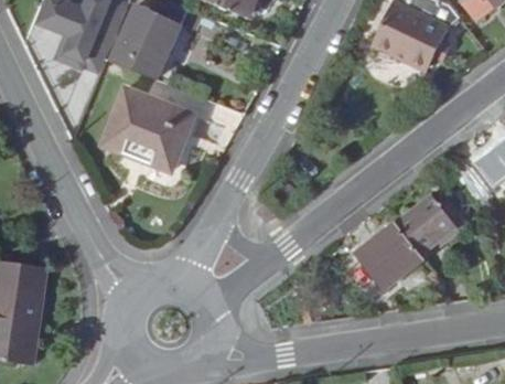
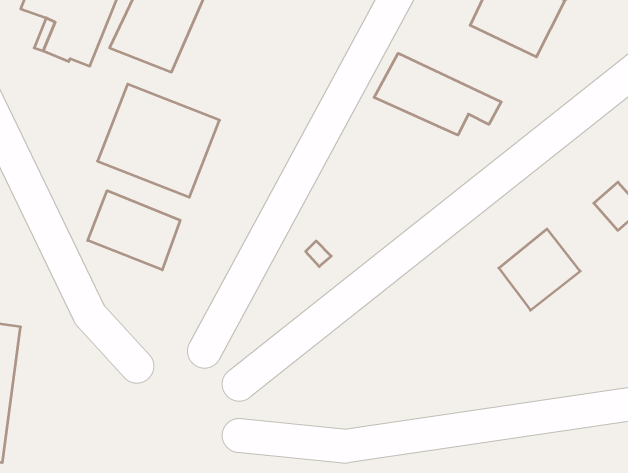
building: none -> [374,53,501,135]
building: none -> [88,191,180,270]
building: [357,222,421,286] -> none

